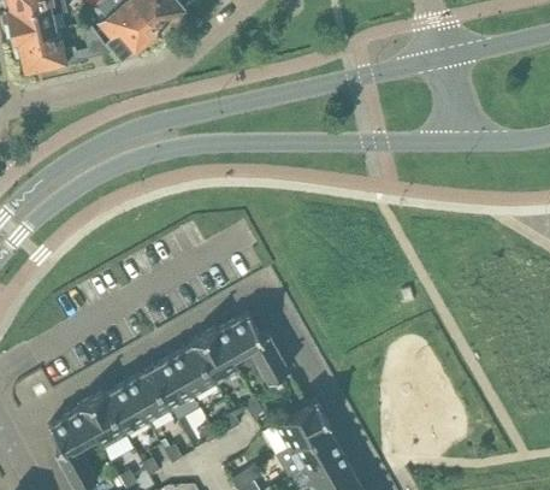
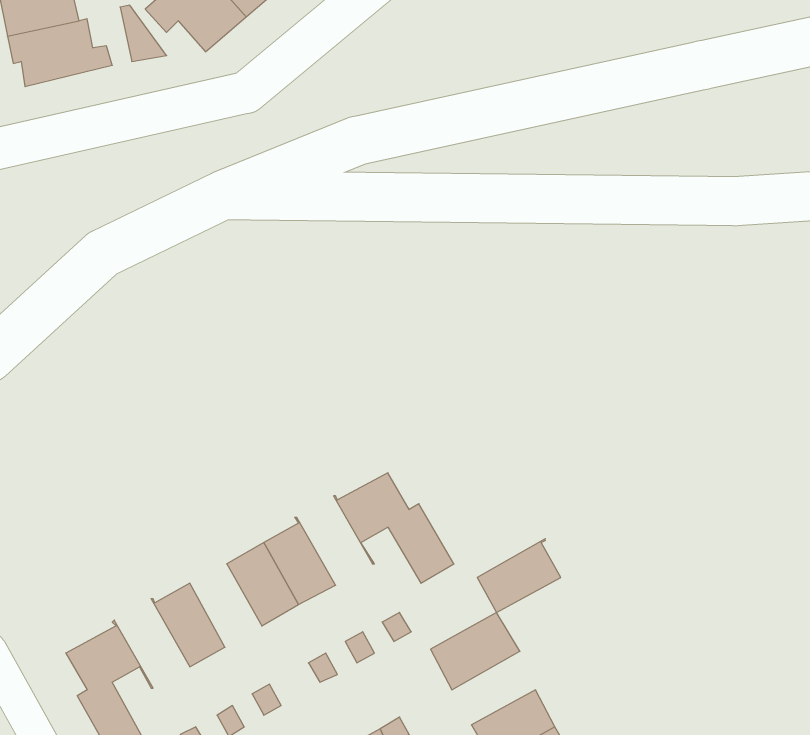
building: [190,327,237,383] -> none
building: [124,370,168,421] -> none
building: [77,391,124,447] -> none
building: [286,424,338,470] -> [477,539,561,612]

